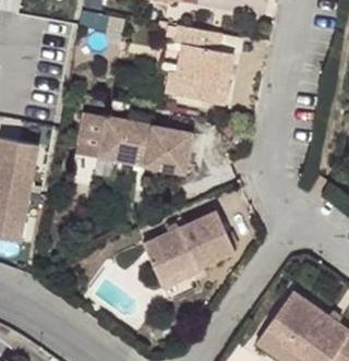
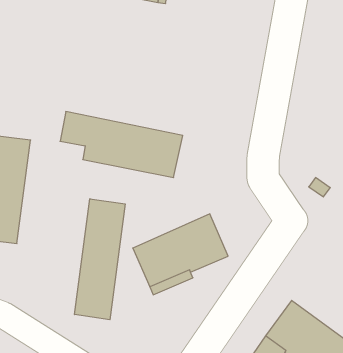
building: [164,26,233,106] -> none
building: none -> [75,199,125,320]

